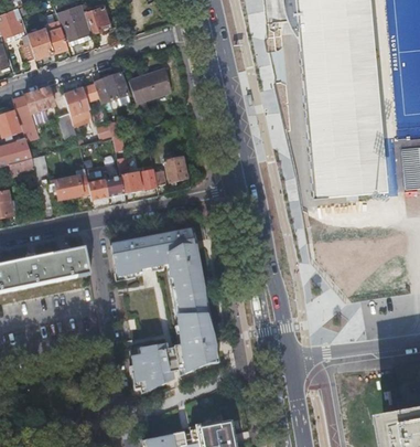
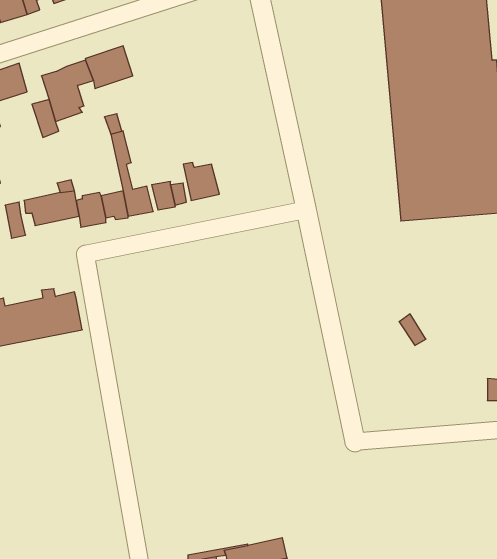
building: [127,68,170,104] -> none
building: [110,226,219,392] -> none

